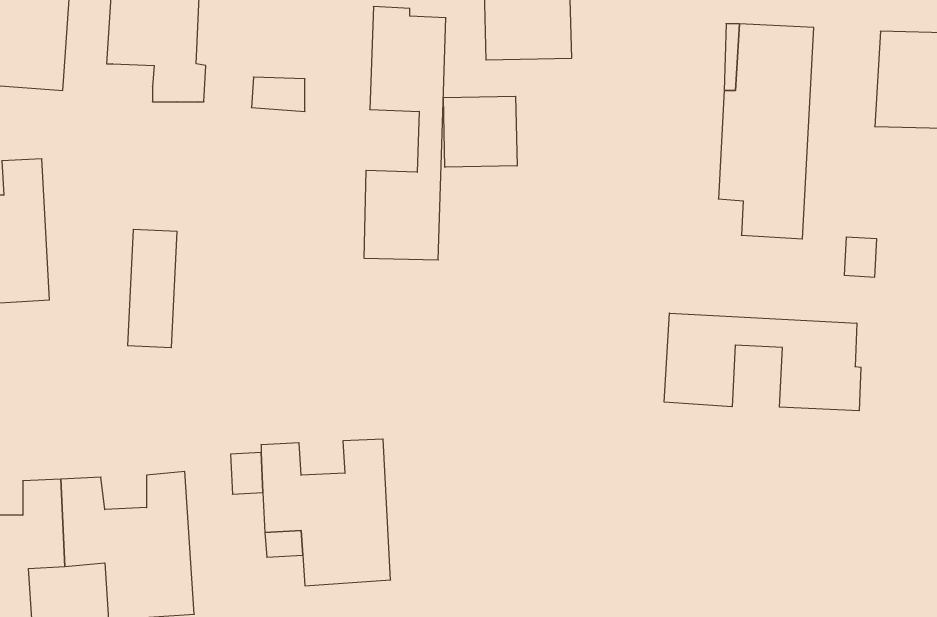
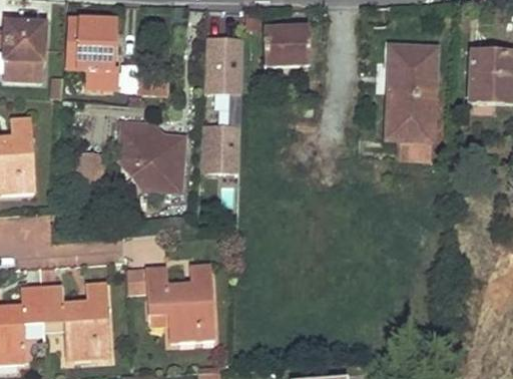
building: [443,96,517,167] -> none
building: none -> [119,120,185,191]
building: [664,313,861,411] -> none

